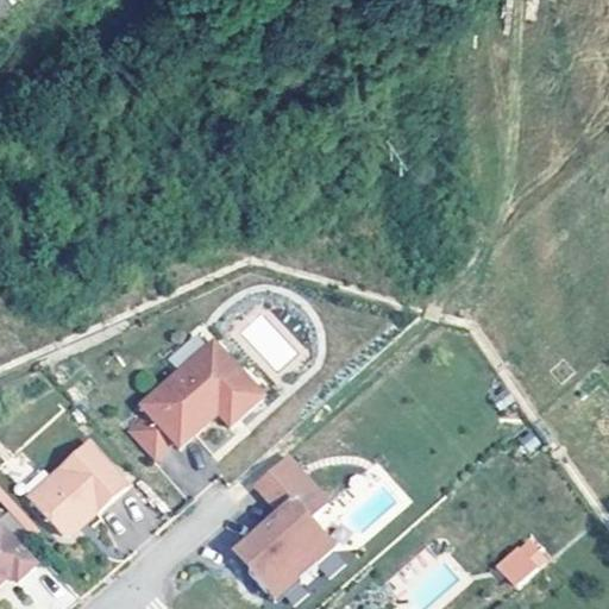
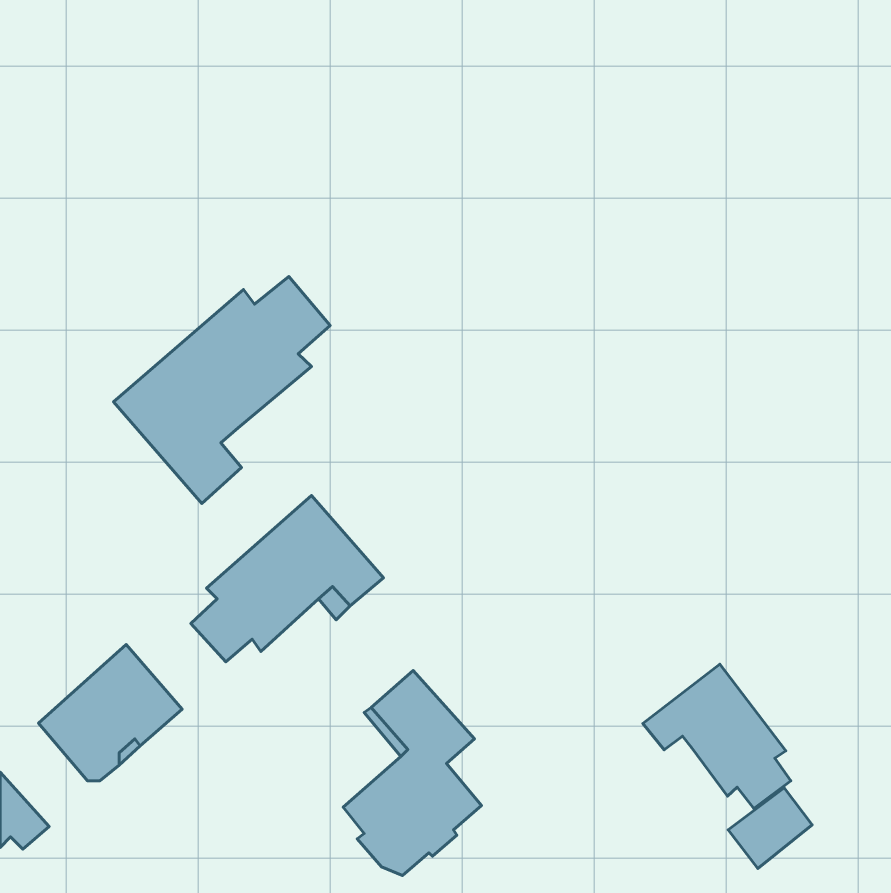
building: none -> [113,276,330,503]
building: none -> [643,664,791,809]

